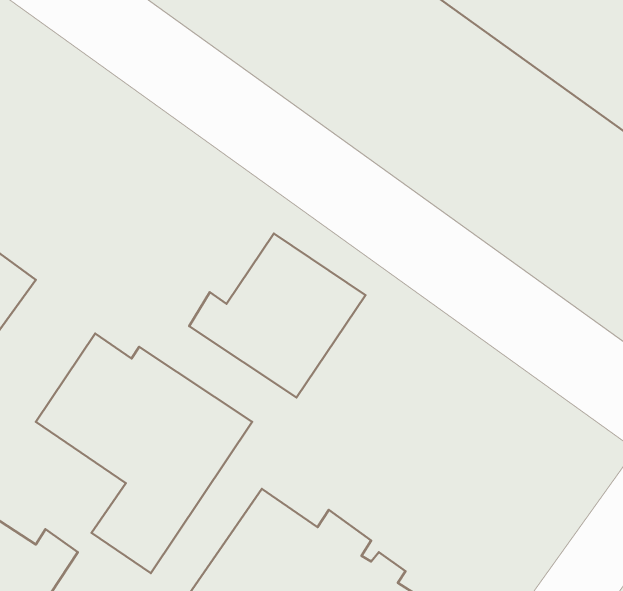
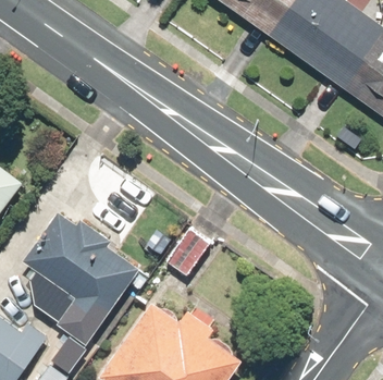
building: [189,234,366,397] -> none

